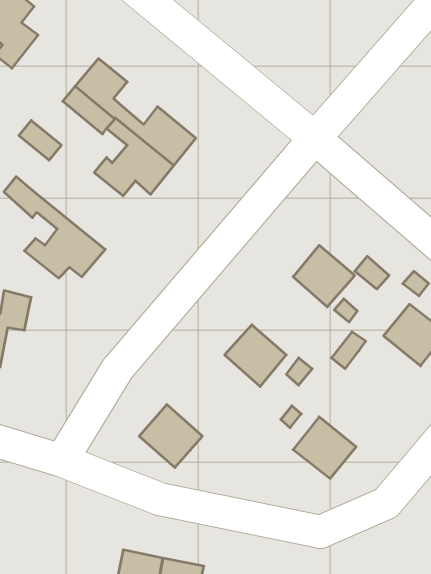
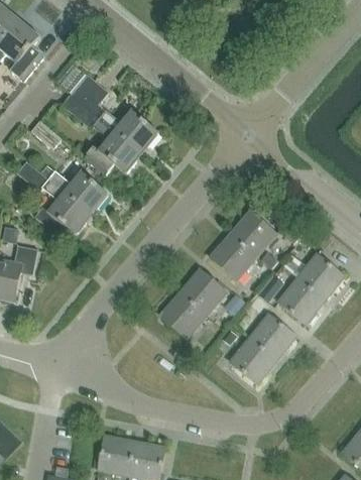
building: none -> [38,163,108,214]
building: none -> [210,234,255,279]
building: none -> [277,277,324,323]
building: none -> [249,314,294,359]
building: [139,404,202,468] -> [159,291,206,338]

